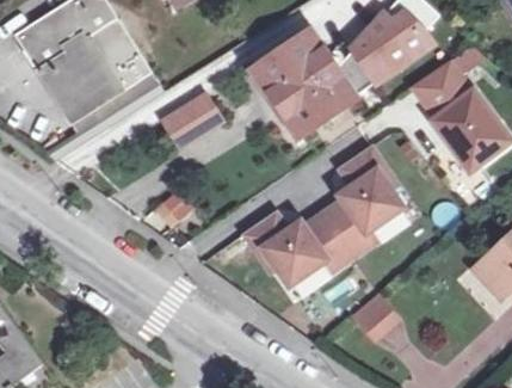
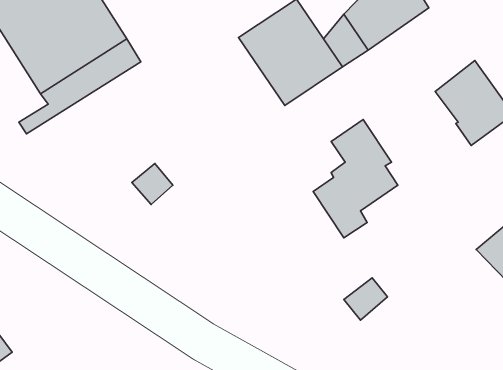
building: [413,62,474,121] -> none
building: [162,98,220,147] -> none
building: [245,213,352,284] -> none

